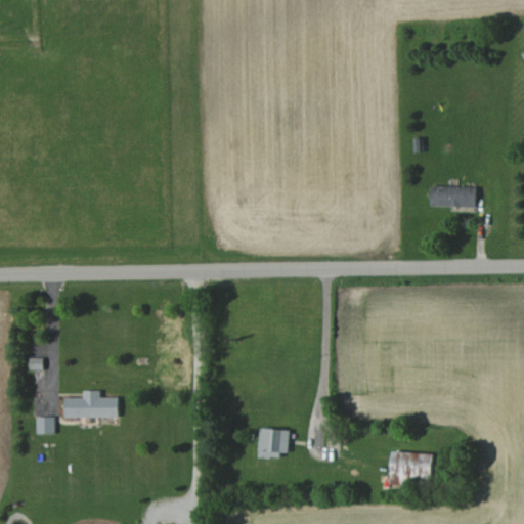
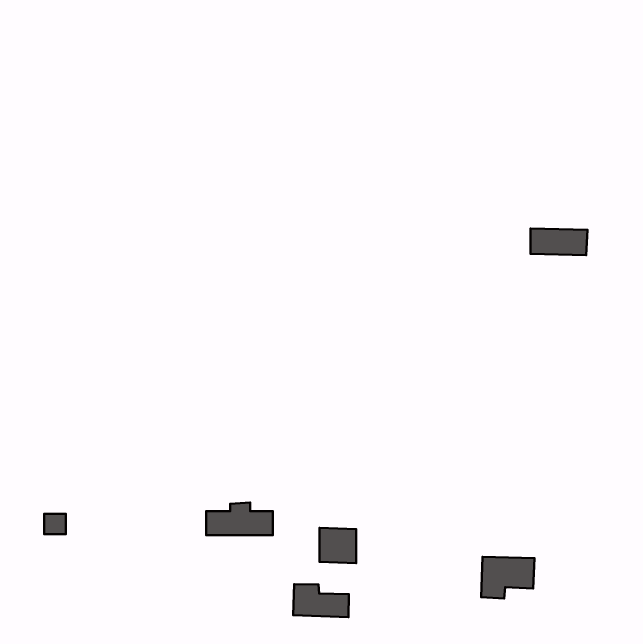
building: [63,391,118,418] -> [206,502,273,535]
building: none -> [293,584,349,617]

